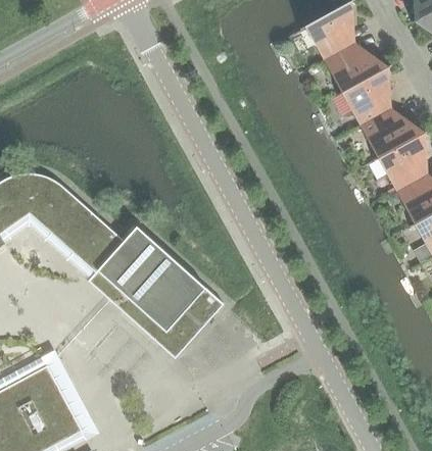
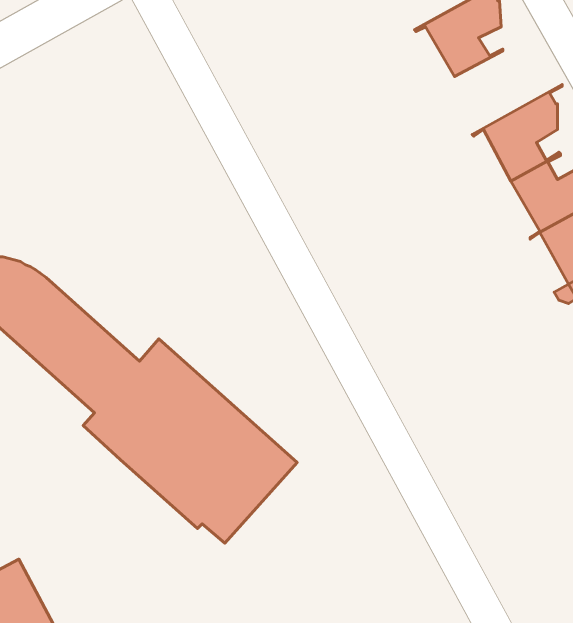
building: [324,42,392,95] -> none

